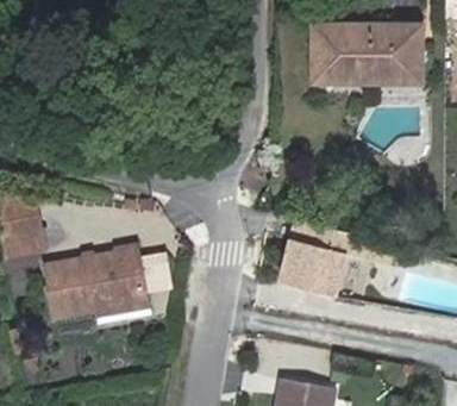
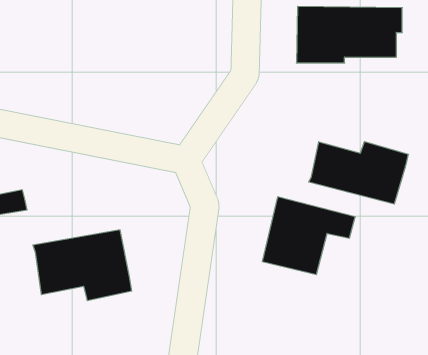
building: none -> [309,142,408,204]

